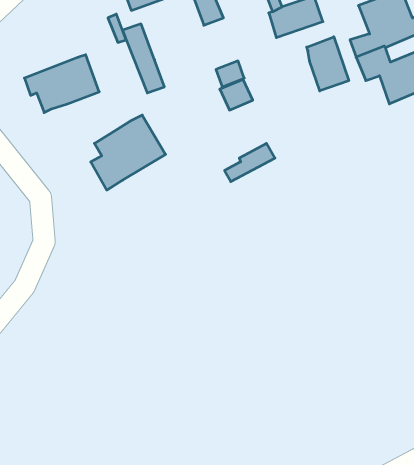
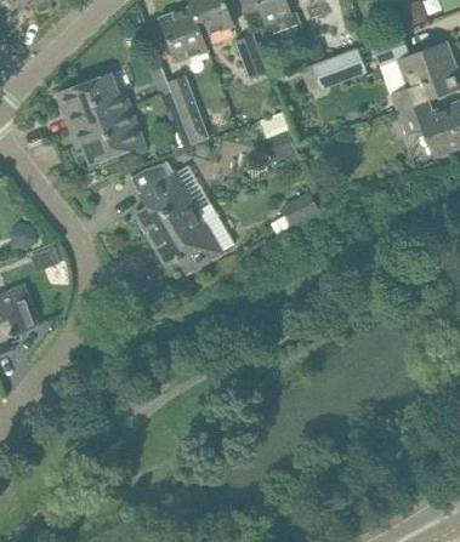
building: none -> [56,68,129,130]
building: [307,37,349,91] -> none
building: none -> [151,205,233,273]

